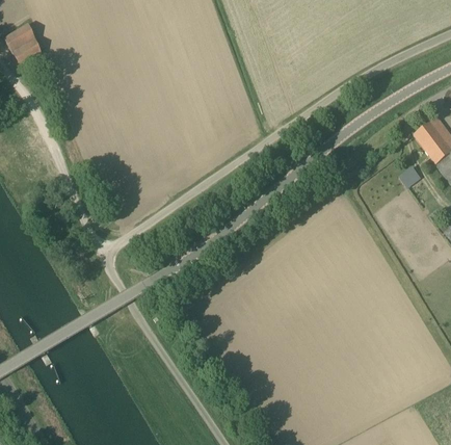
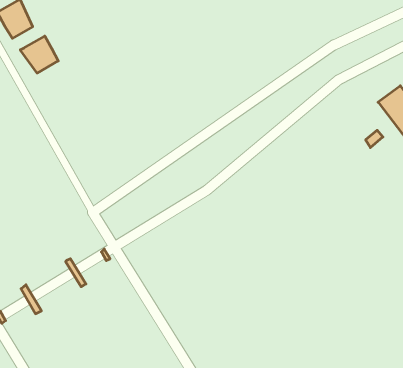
building: none -> [20,36,58,73]

